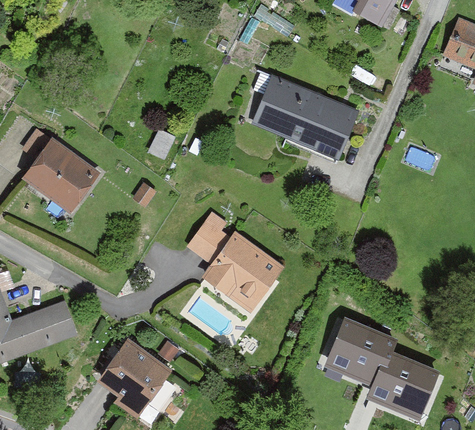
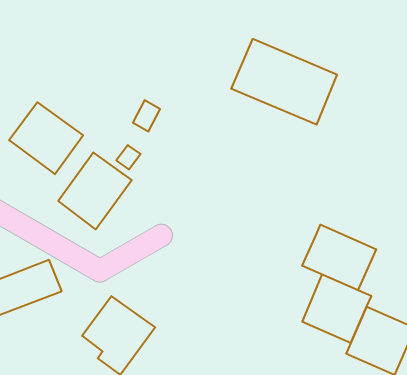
building: none -> [58,152,132,229]
building: [187,213,285,313] -> none
building: none -> [302,225,376,290]

